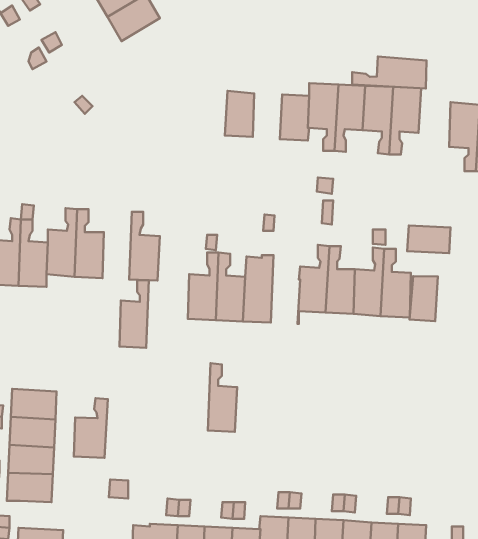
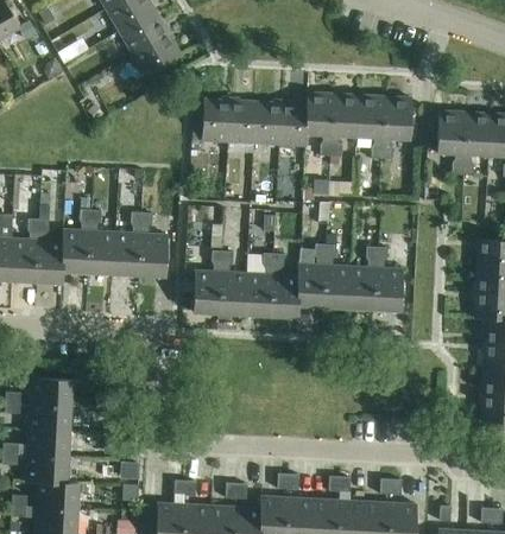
building: none -> [133,32,183,76]
building: [352,56,426,89] -> none
building: none -> [203,98,232,141]
building: none -> [255,102,283,145]
building: [407,226,451,253] -> none
building: [410,276,438,321] -> none
building: [119,280,149,348] -> [115,212,143,275]
building: [208,363,237,432] -> [272,253,299,317]
building: [74,398,108,458] -> none
building: none -> [37,482,80,509]

